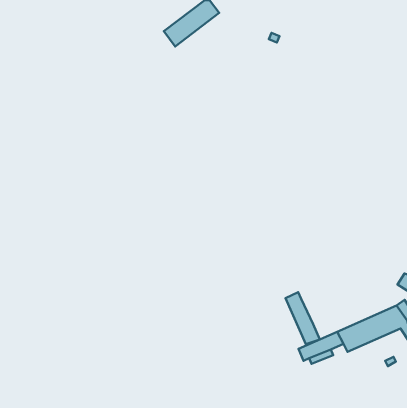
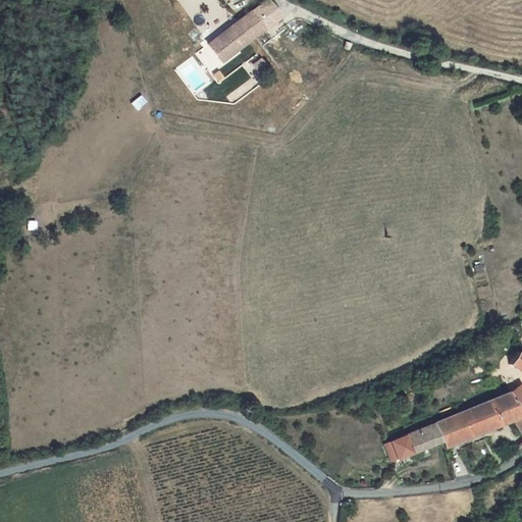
building: [286,292,320,344] -> none

